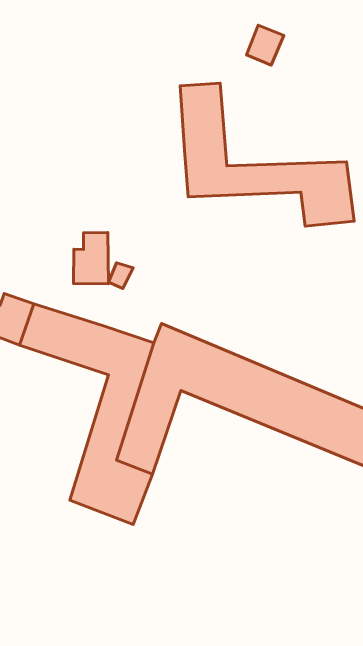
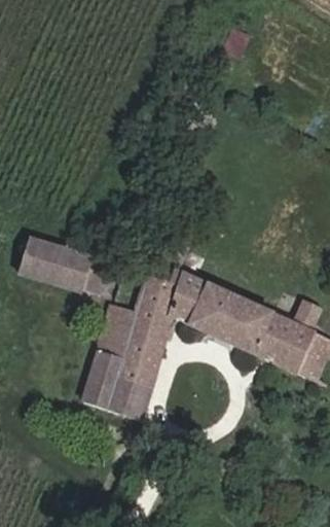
building: [180,83,354,226] -> none
building: [73,233,109,284] -> none

